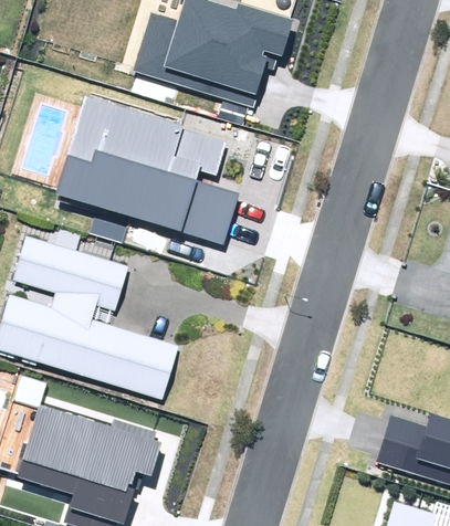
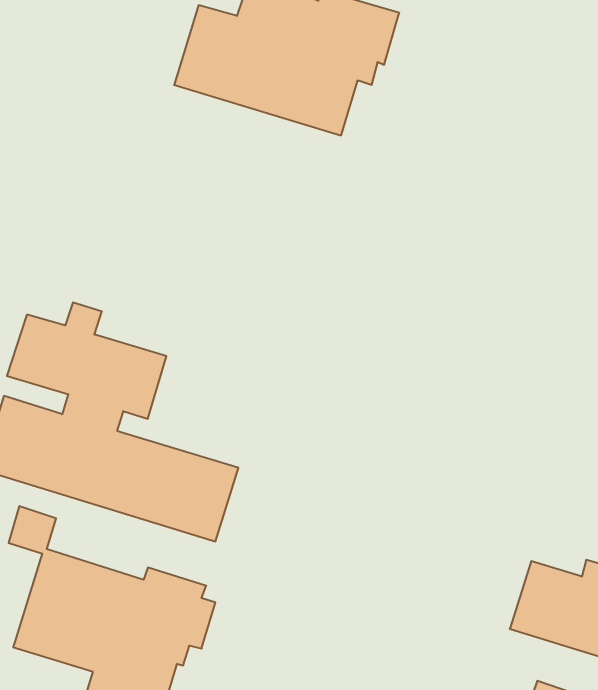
building: [56,96,240,244] -> none

